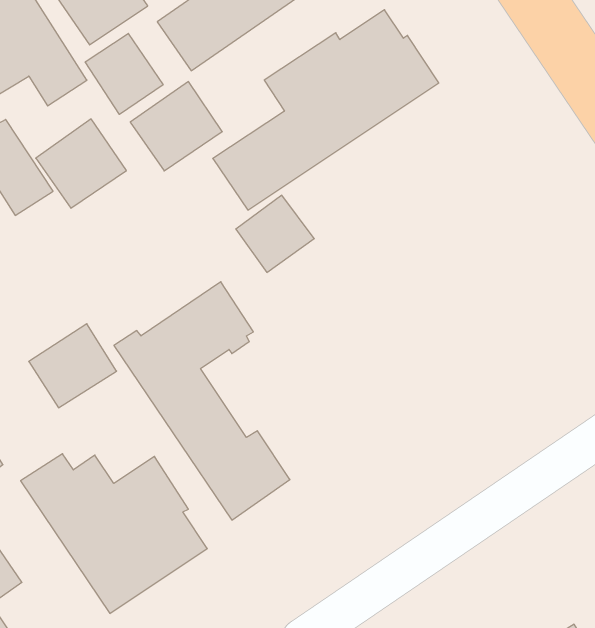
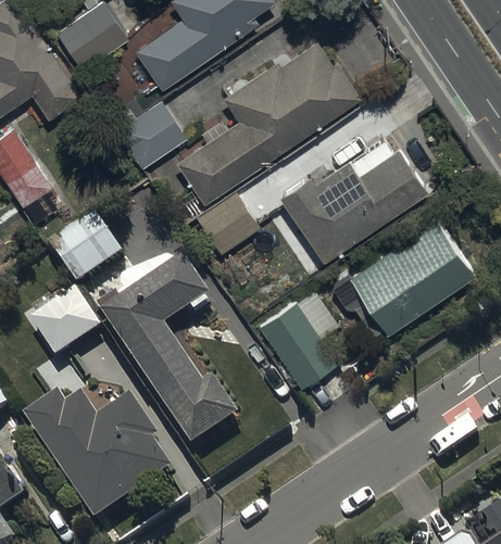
building: [85,33,163,114] -> none
building: [36,119,126,208] -> [51,215,124,287]
building: none -> [280,138,428,261]
building: none -> [329,219,476,336]
building: none -> [259,288,340,390]

